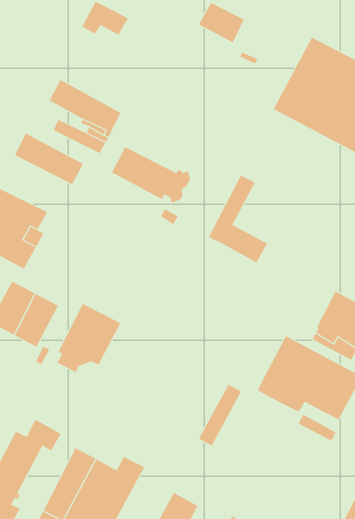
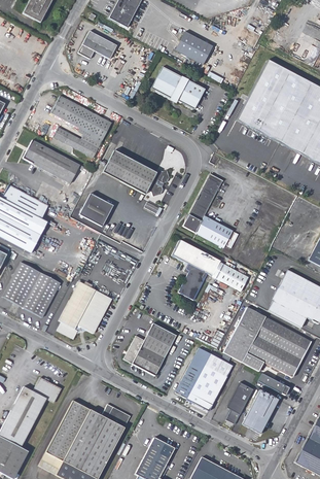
building: none -> [150,66,203,108]
building: none -> [80,192,114,225]
building: none -> [174,241,248,302]
building: none -> [123,323,176,376]
building: none -> [186,353,233,410]
building: none -> [226,382,253,423]
building: none -> [243,389,279,433]

